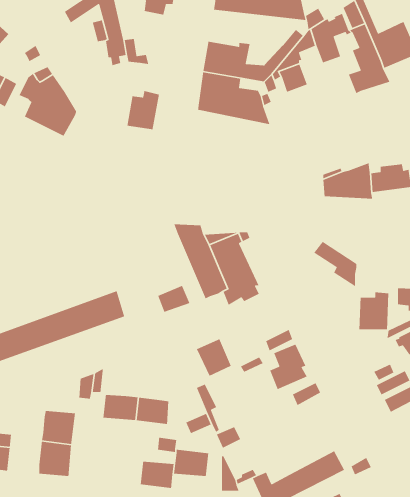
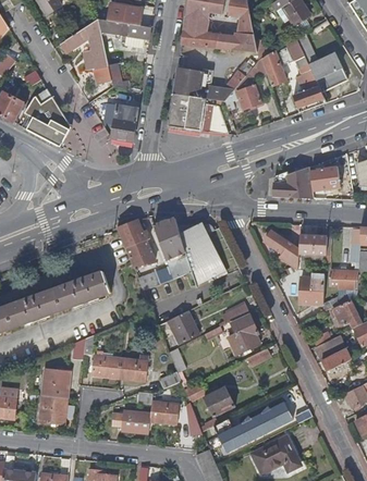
building: none -> [117,219,154,267]
building: none -> [299,234,328,254]
building: none -> [204,386,233,415]

